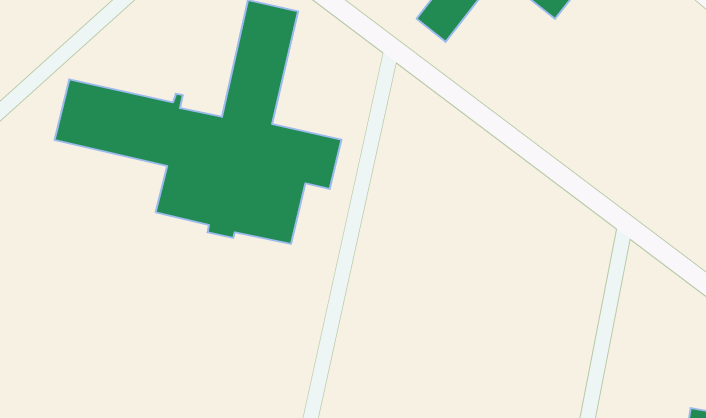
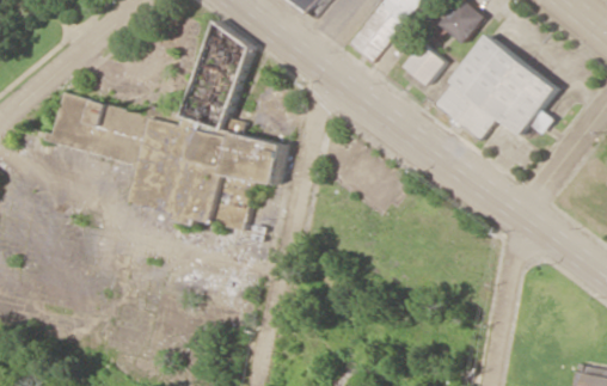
building: none -> [435,35,558,139]
building: none -> [406,43,447,85]

